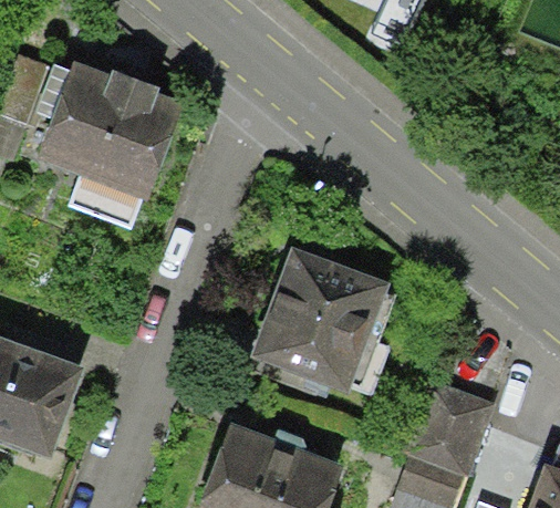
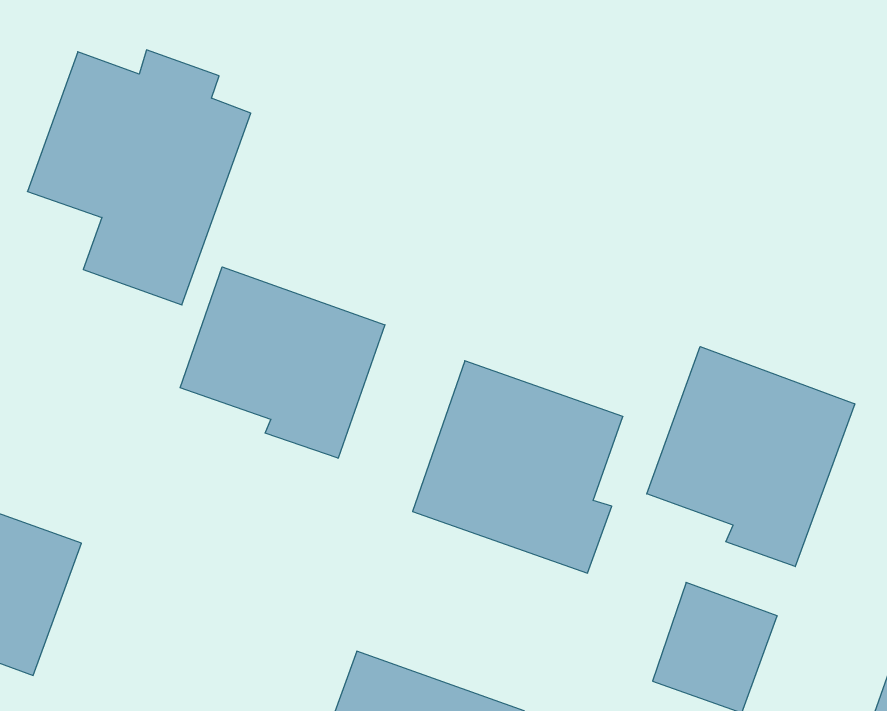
building: none -> [180,267,385,458]
building: none -> [647,347,855,567]

